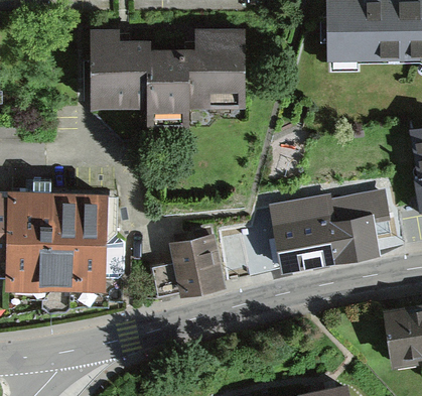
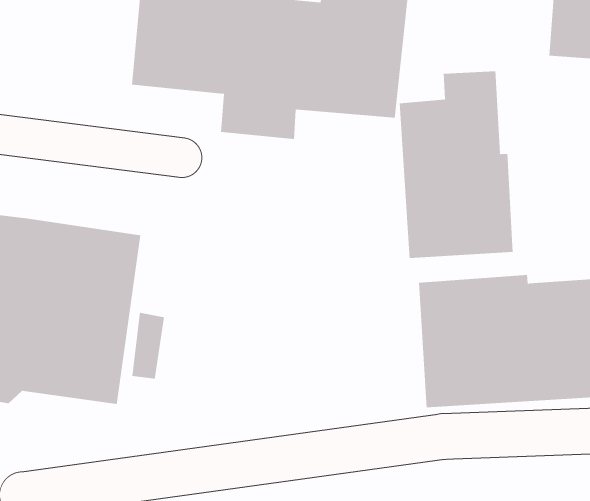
building: none -> [399,71,513,259]
building: [150,237,226,300] -> none

